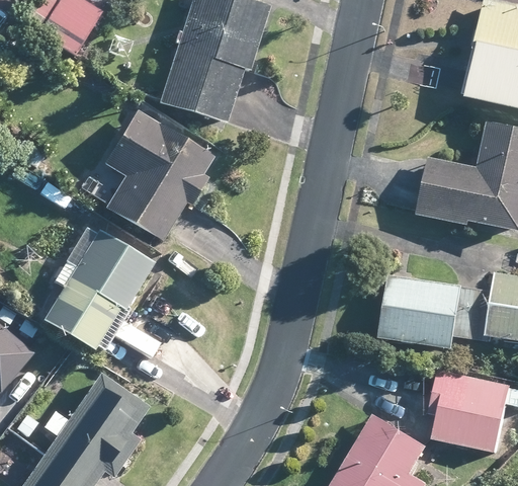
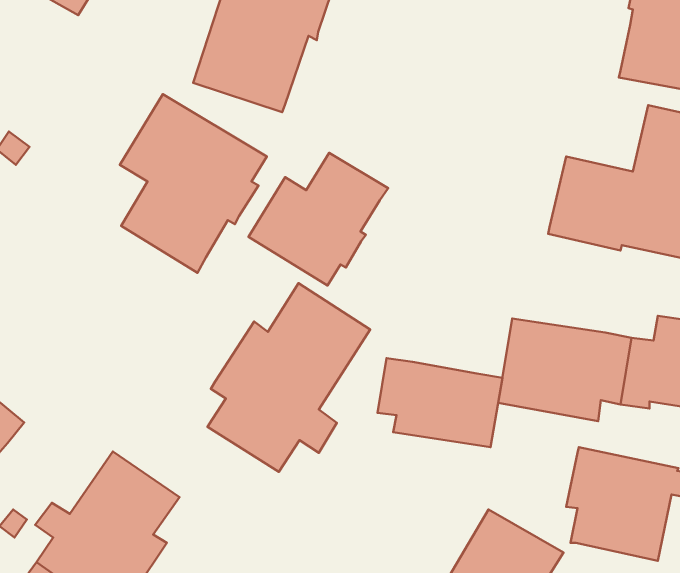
building: none -> [249,153,388,286]
building: [41,228,153,350] -> none
building: none -> [208,283,370,472]
building: none -> [377,358,502,447]

